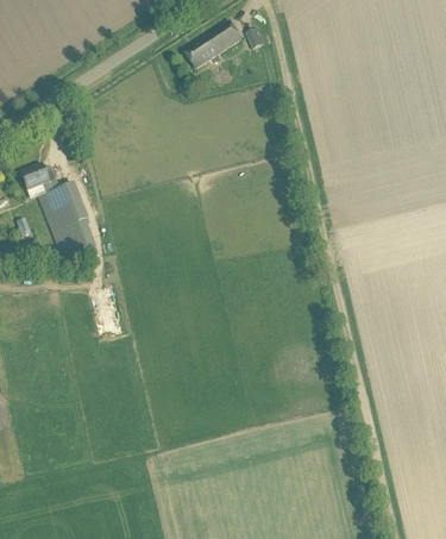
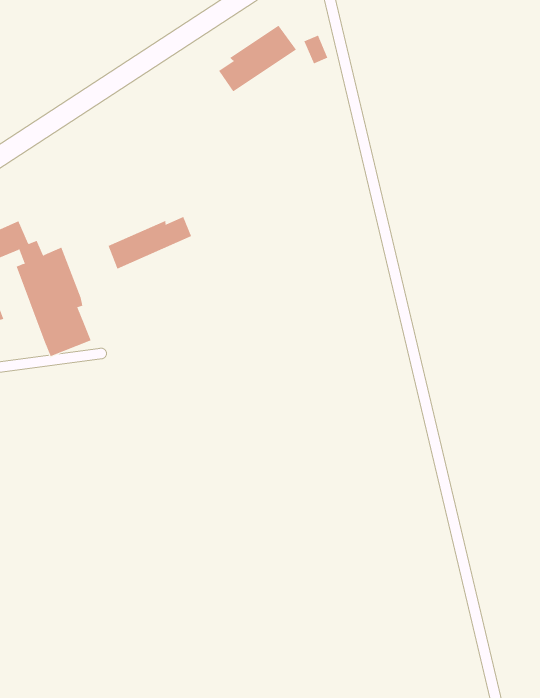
building: none -> [108,216,192,270]

